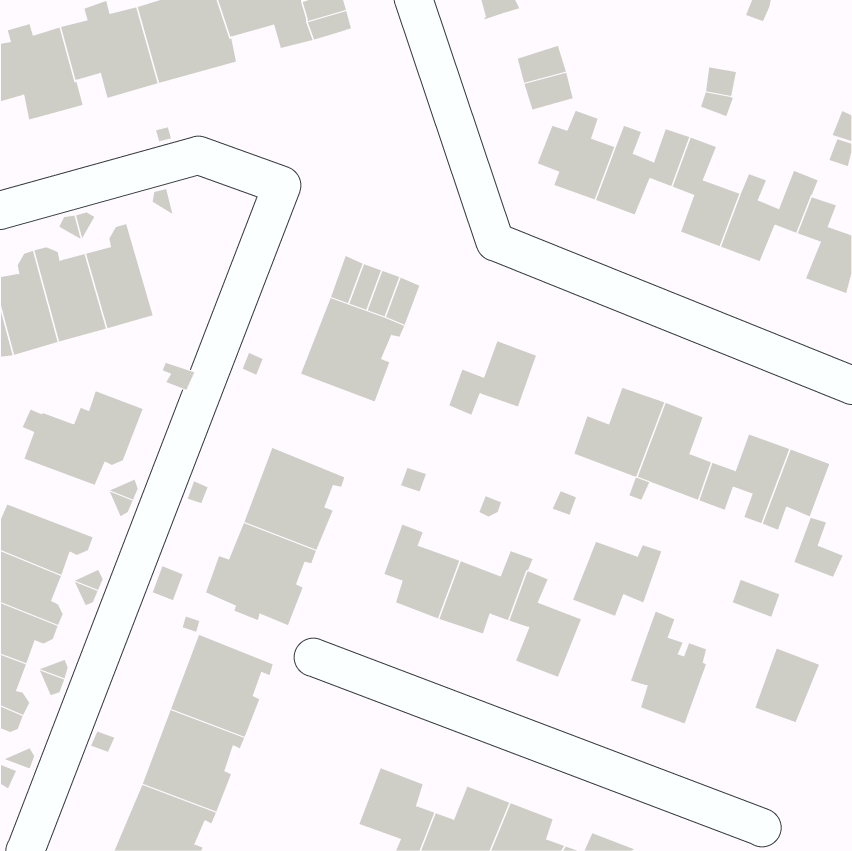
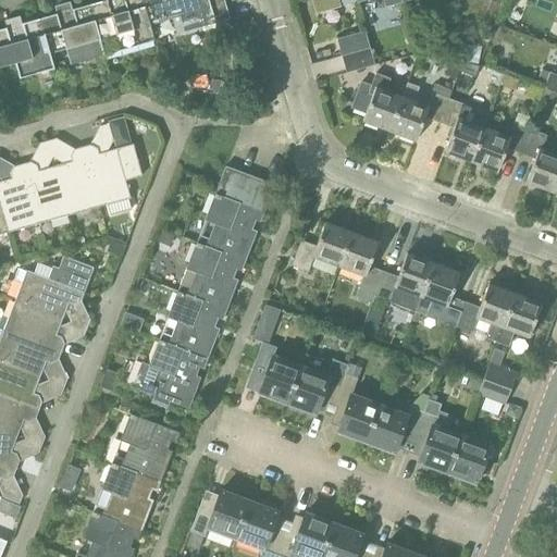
building: none -> [83,144,143,206]
building: none -> [338,232,383,301]
building: none -> [177,244,245,311]
building: none -> [4,299,64,350]
building: [794,517,844,577] -> [483,348,516,387]
building: [572,541,662,616] -> [364,404,423,453]
building: [755,648,820,723] -> [447,433,490,482]
building: none -> [185,491,248,549]

